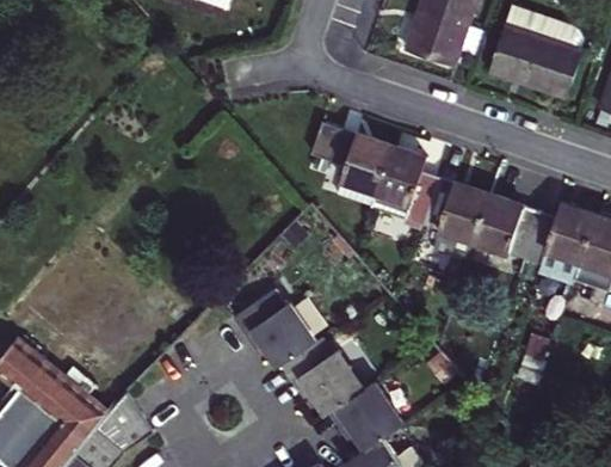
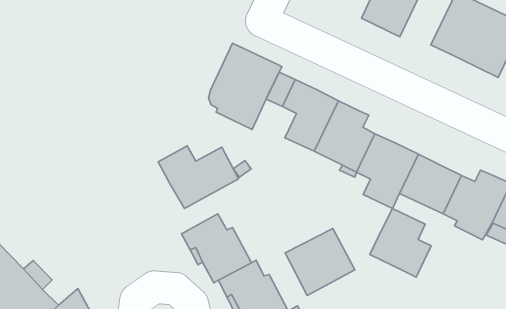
building: none -> [208,43,282,130]
building: none -> [158,146,238,209]
building: none -> [370,209,431,277]
building: none -> [285,229,355,296]

